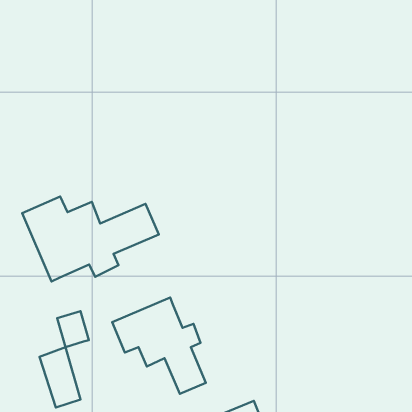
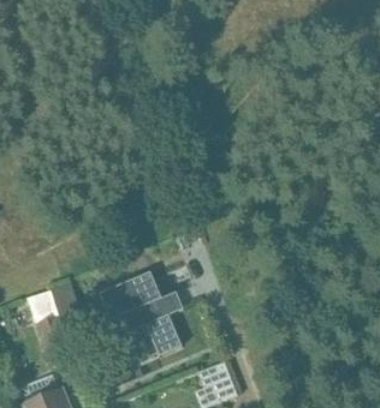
building: [22,196,159,281] -> none

